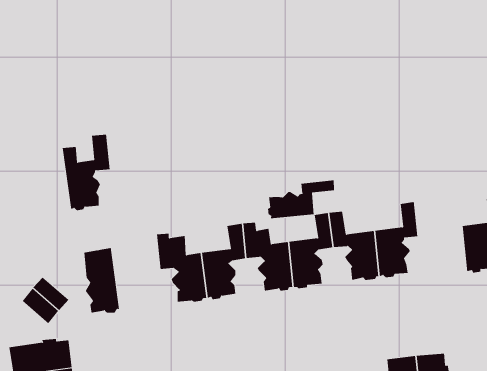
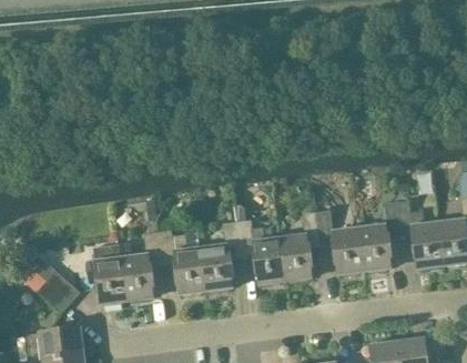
building: [62,134,110,211] -> [119,231,163,301]
building: [268,179,334,219] -> none
building: none -> [396,200,444,269]

